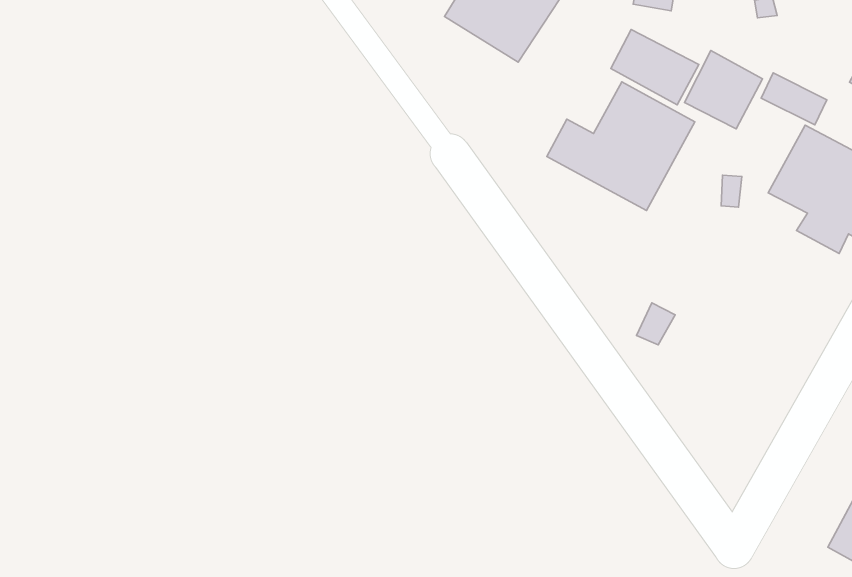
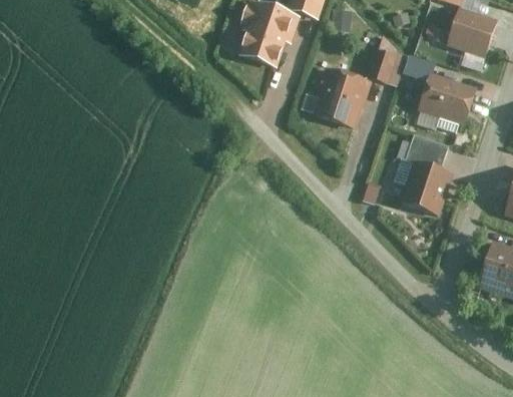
building: [611,29,699,105] -> none
building: none -> [406,131,445,159]
building: none -> [402,160,454,218]

